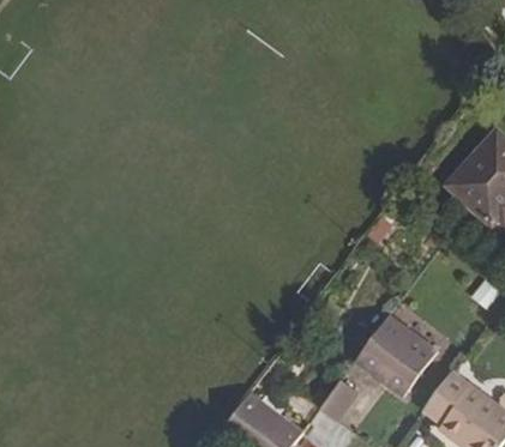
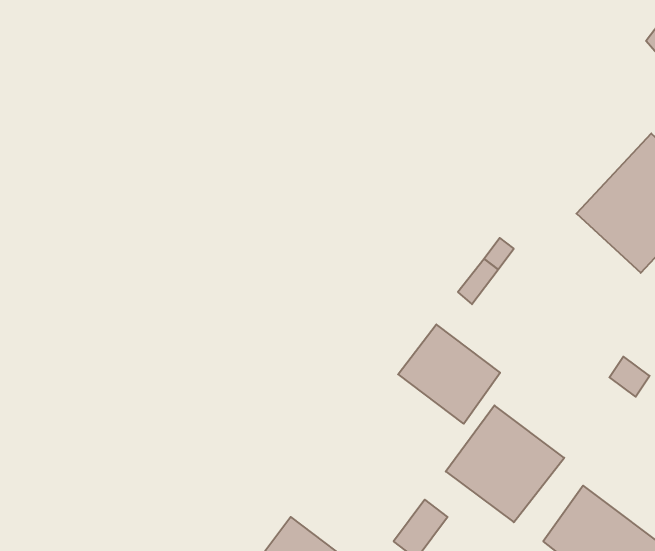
building: none -> [398,324,500,424]

